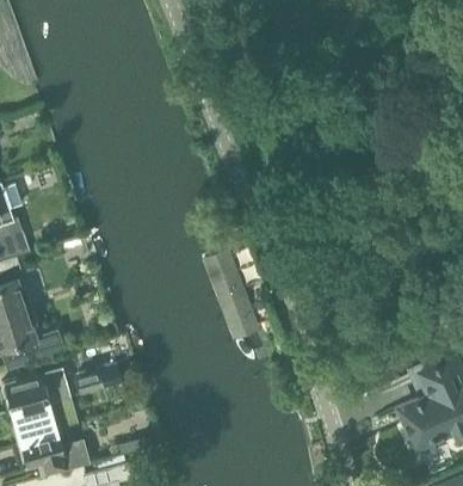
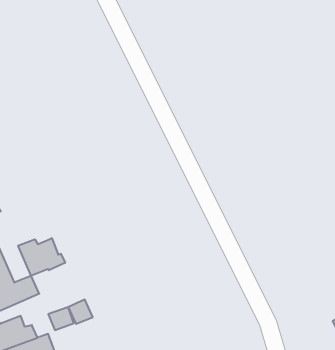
building: [217,264,263,345] -> none
building: none -> [18,238,65,276]

